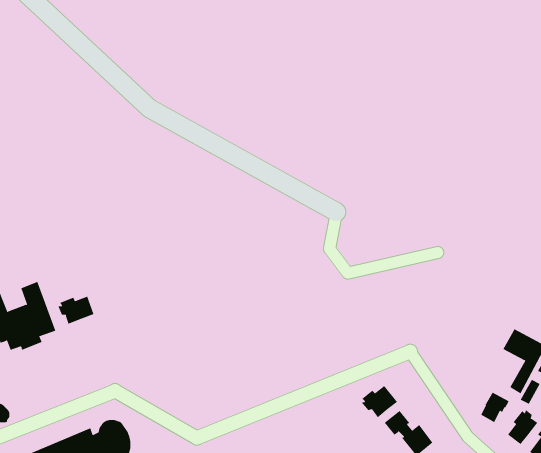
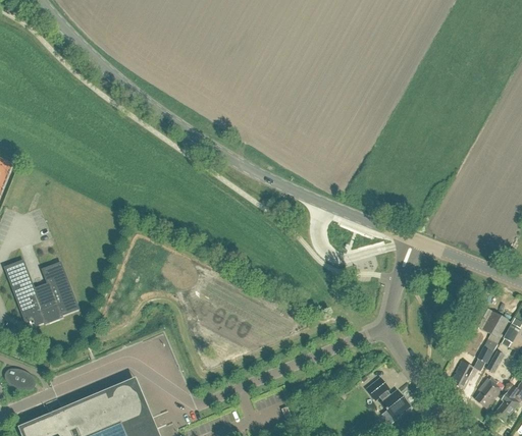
building: [58,296,94,325] -> none
building: [361,385,398,418] -> none

